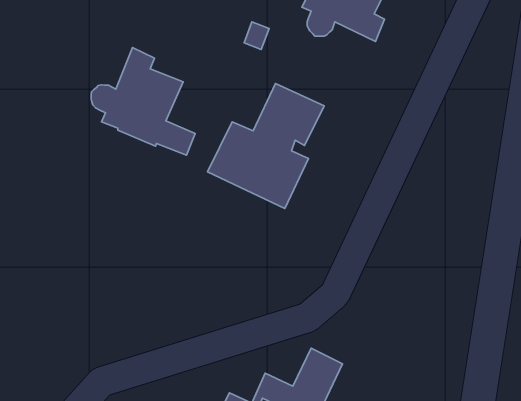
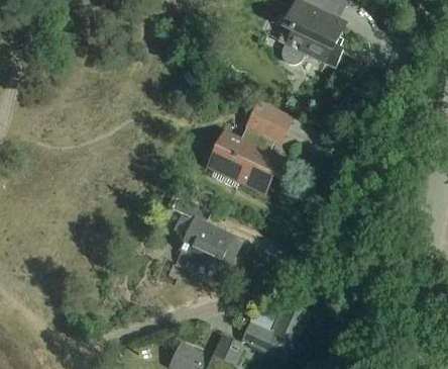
building: [91,48,195,155] -> none
building: none -> [171,194,241,282]

